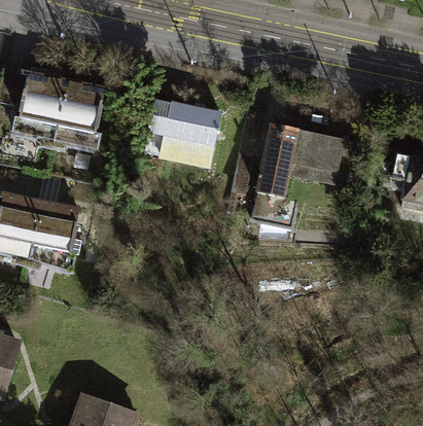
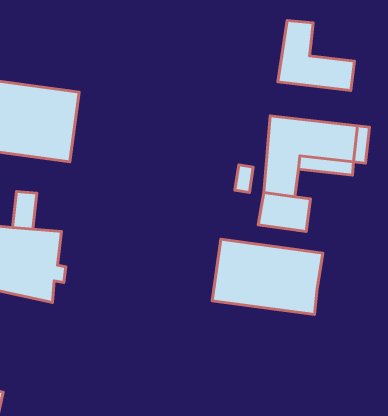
building: none -> [278,20,354,90]
building: [142,96,220,165] -> none
building: none -> [212,239,323,315]

